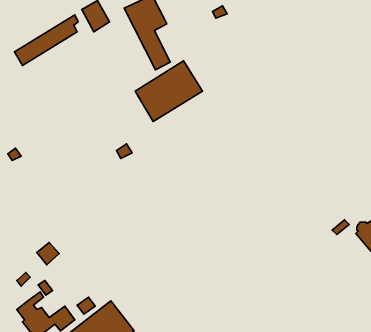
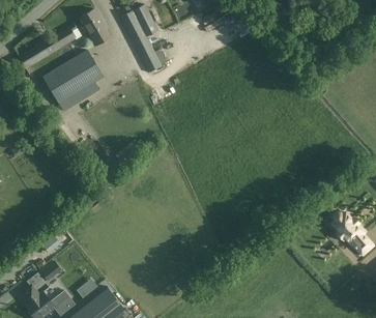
building: [135,61,202,121] -> [42,48,105,104]

